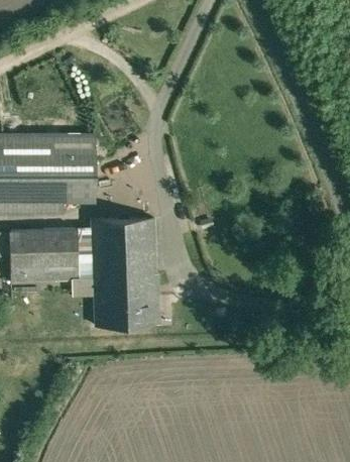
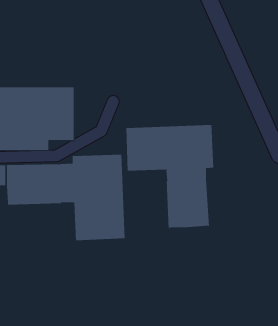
building: none -> [126,124,214,228]

